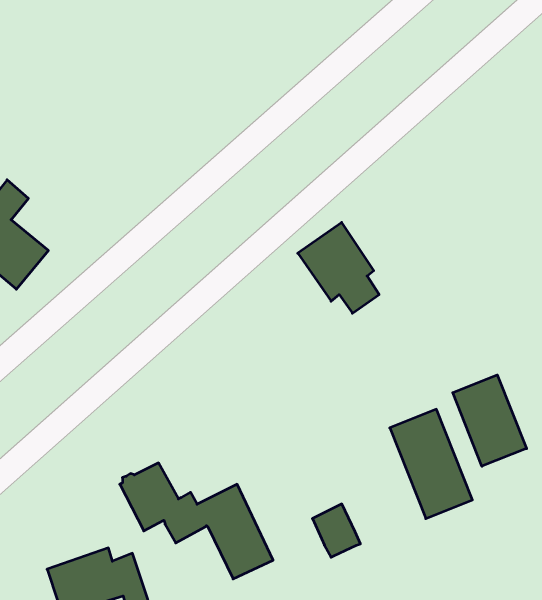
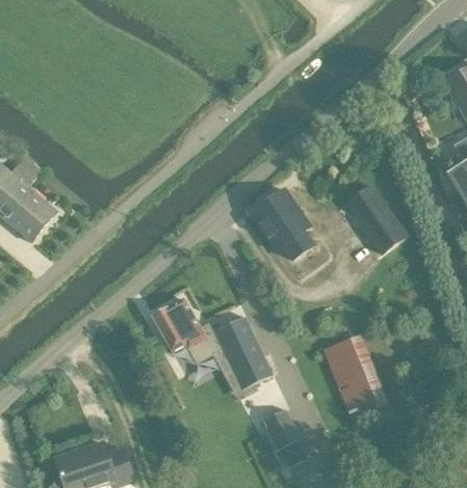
building: none -> [344,182,410,254]
building: [453,375,527,466] -> none
building: [120,463,273,579] -> [153,298,273,388]

